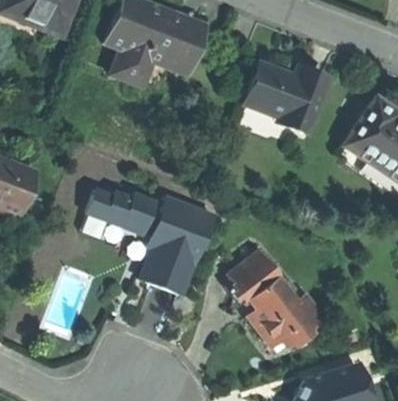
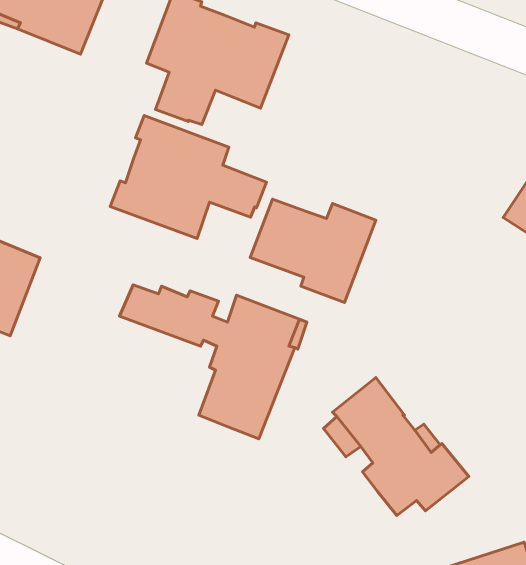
building: [245,64,329,133] -> [250,199,376,302]
building: none -> [110,115,266,238]

